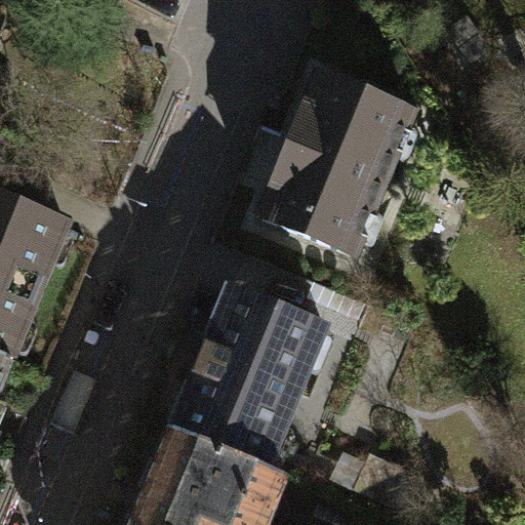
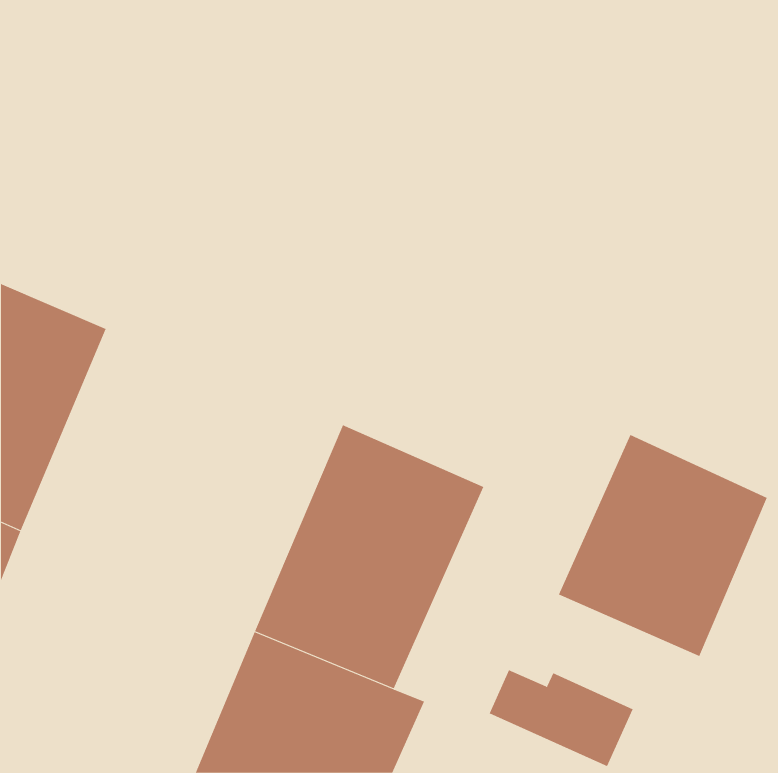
building: [254,70,415,259] -> none
building: none -> [558,434,768,657]

